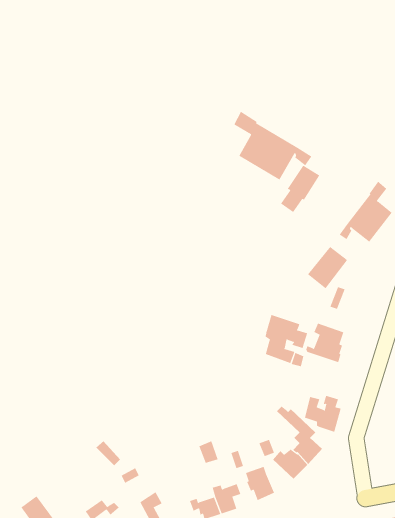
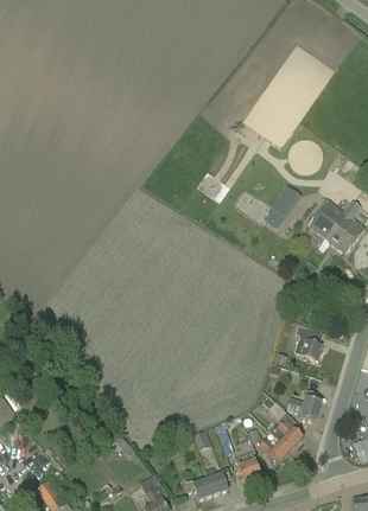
building: [234,111,312,180] -> none
building: [307,246,348,289] -> [307,200,344,238]
building: [265,314,308,364] -> none

